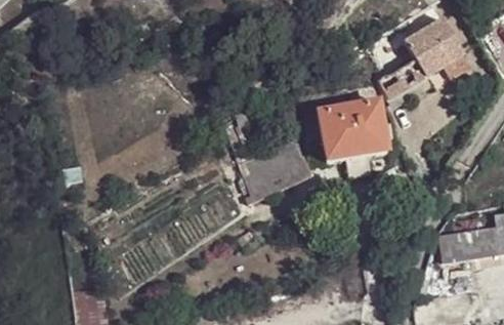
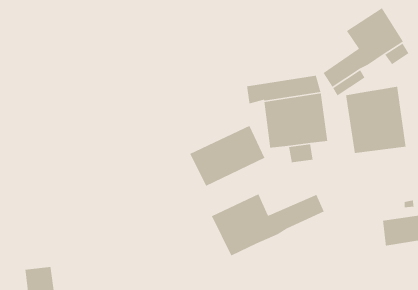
building: none -> [345,86,406,154]
building: none -> [211,193,325,256]

